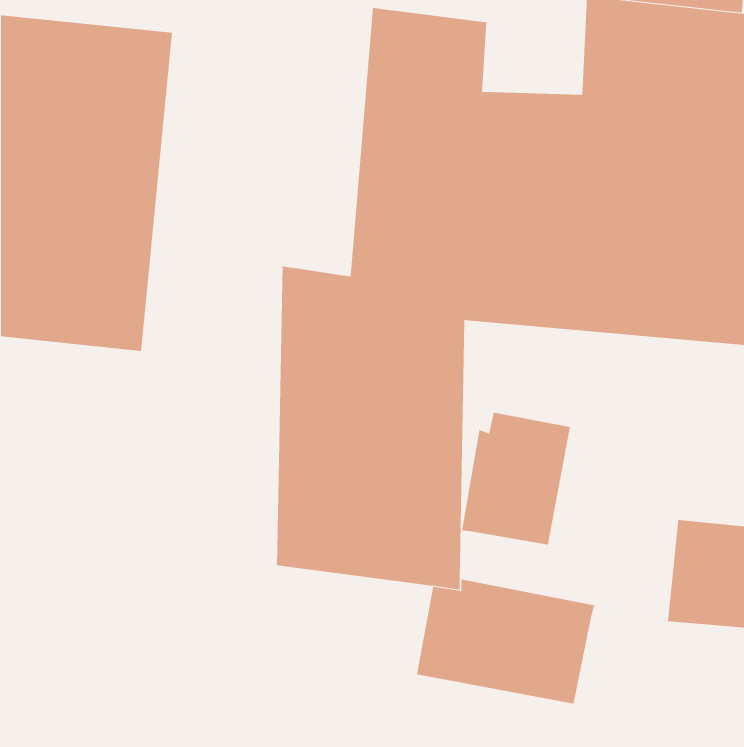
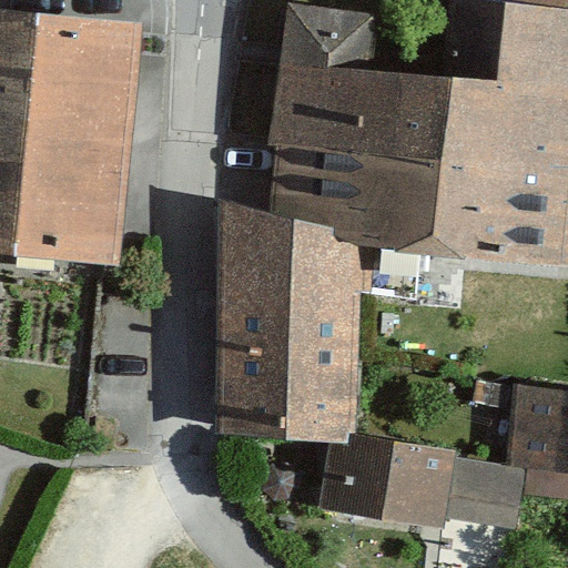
building: [461,412,570,545] -> none
building: none -> [442,464,523,530]

